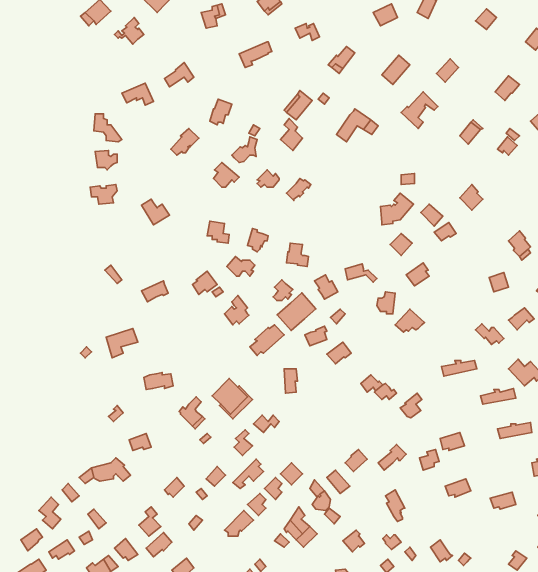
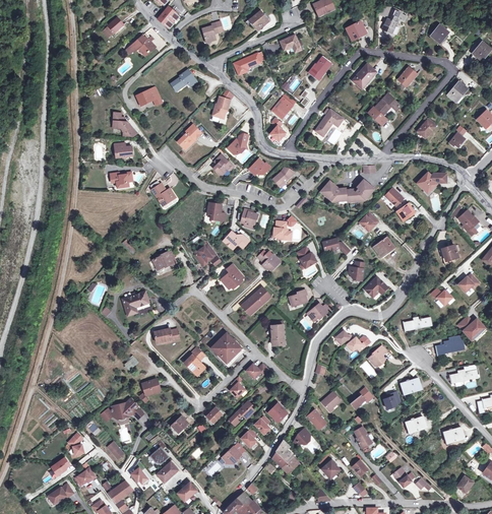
building: none -> [321,180,350,204]
building: [277,293,316,331] -> none

